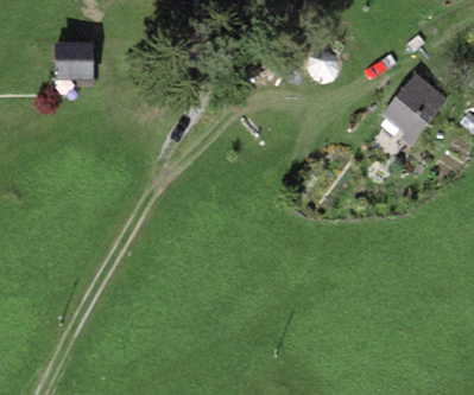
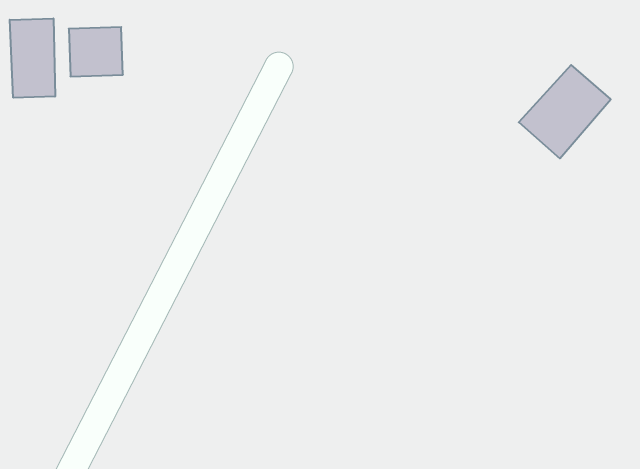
building: none -> [10,18,55,98]

